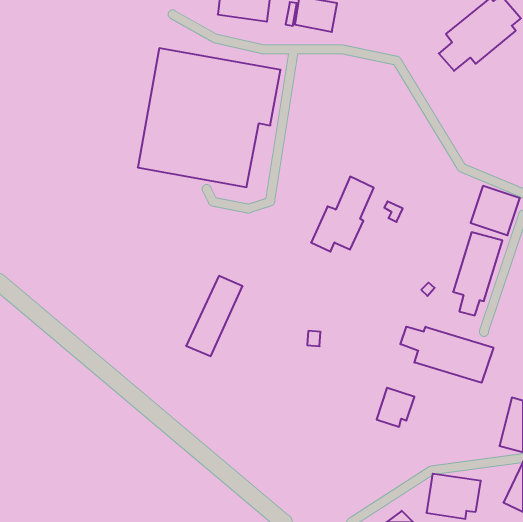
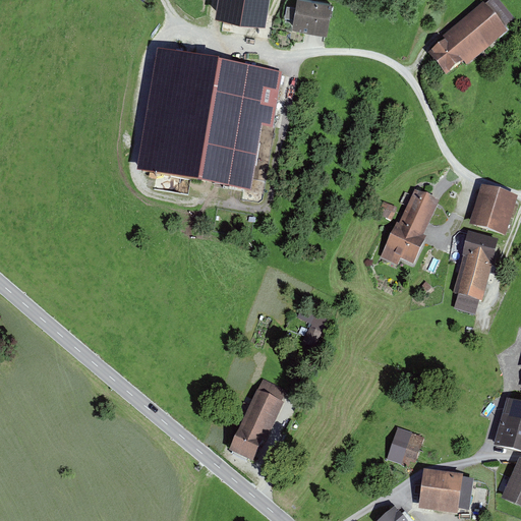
building: [311,177,374,252] -> [379,190,441,265]
building: [186,276,243,356] -> [232,378,288,457]
building: [400,327,493,383] -> none
building: [377,388,415,427] -> [390,427,427,466]

